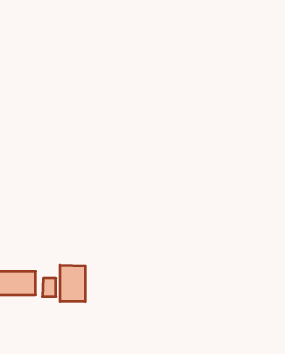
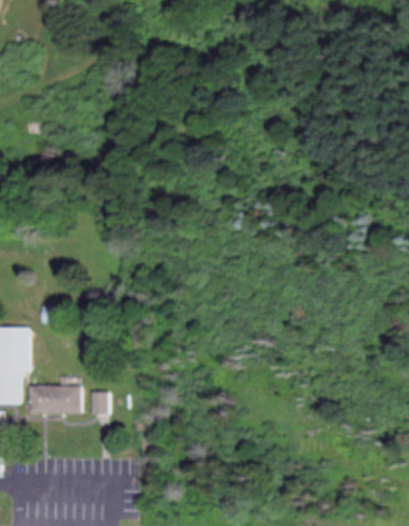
building: [60,265,85,302] -> none

